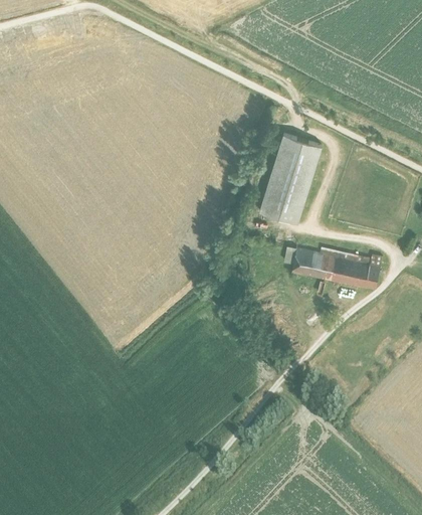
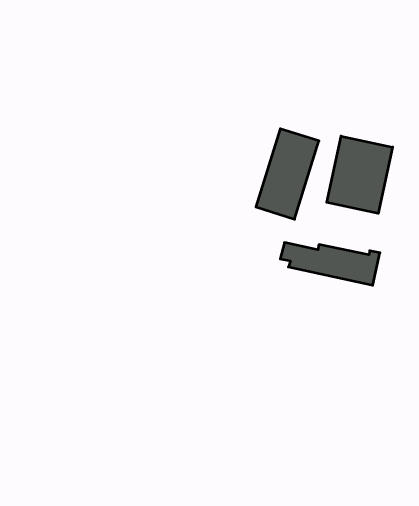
building: none -> [327,136,393,213]

